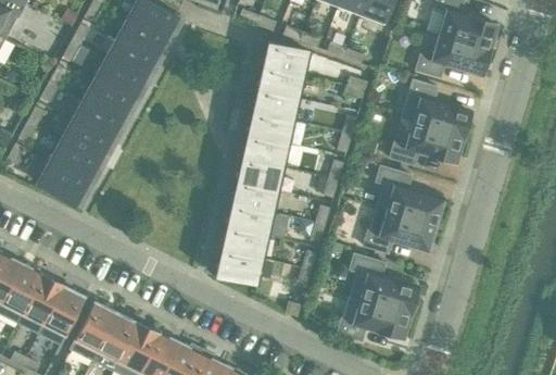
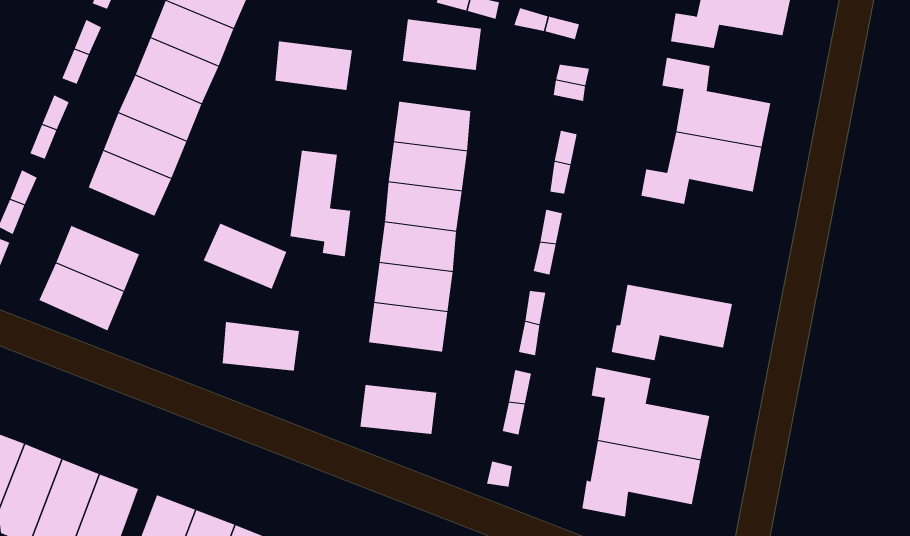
building: [255,66,302,99] -> [275,41,353,91]
building: none -> [290,150,351,257]
building: [60,121,109,162] -> [203,223,287,289]
building: [375,166,442,225] -> none
building: [219,226,266,259] -> [222,321,300,371]

